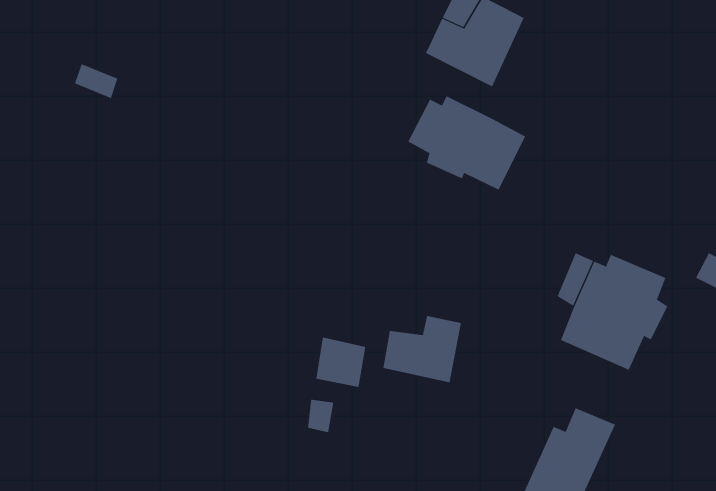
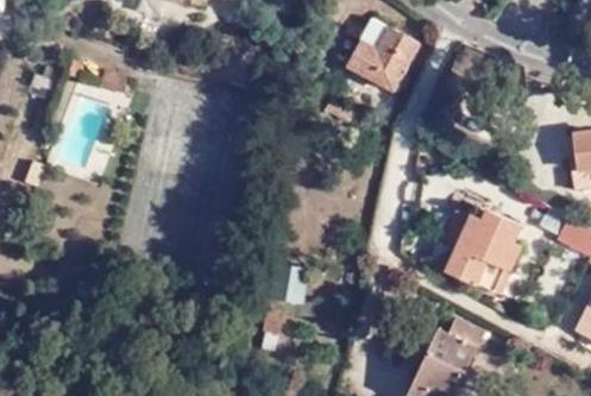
building: [408,95,526,191] -> none
building: [383,315,461,383] -> none

